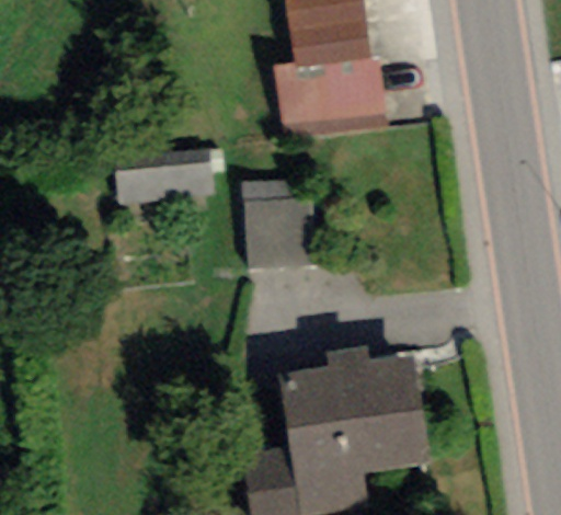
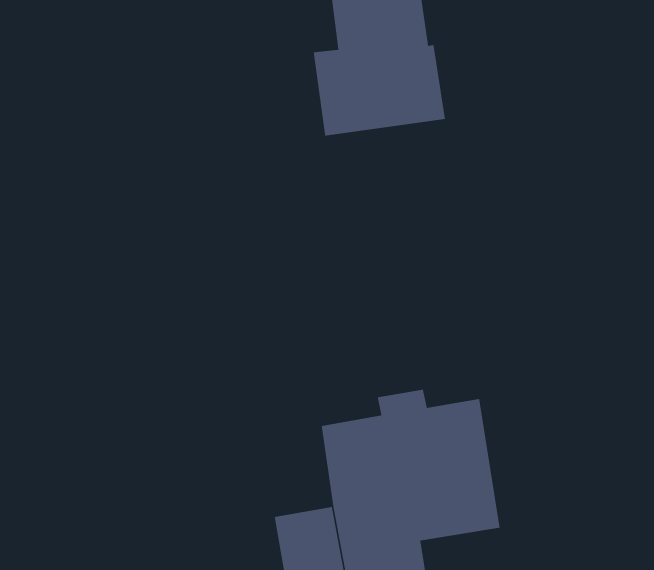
building: [115,146,215,204] -> none
building: [244,178,318,270] -> none

